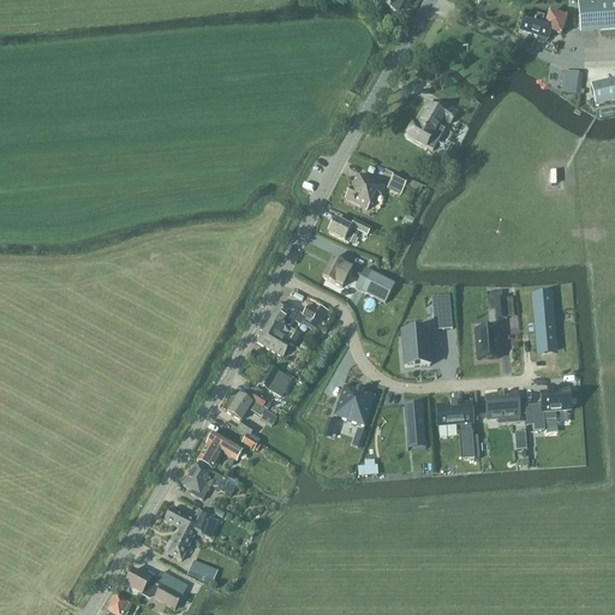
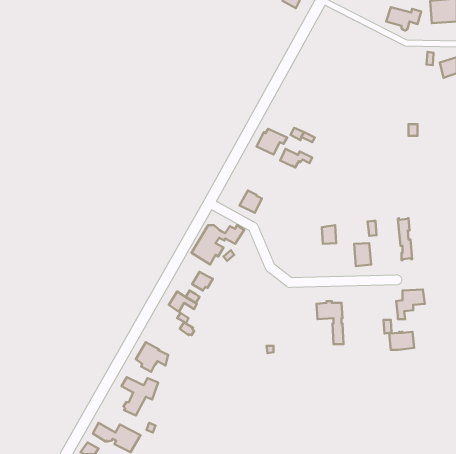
building: [410,103,459,149] -> none
building: [329,216,372,241] -> [280,149,312,167]
building: [357,267,396,301] -> none
building: [402,329,431,366] -> none
building: [335,383,376,424] -> none
building: [486,393,520,417] -> [389,332,414,350]
building: [405,401,428,447] -> none
building: [197,430,244,468] -> none

